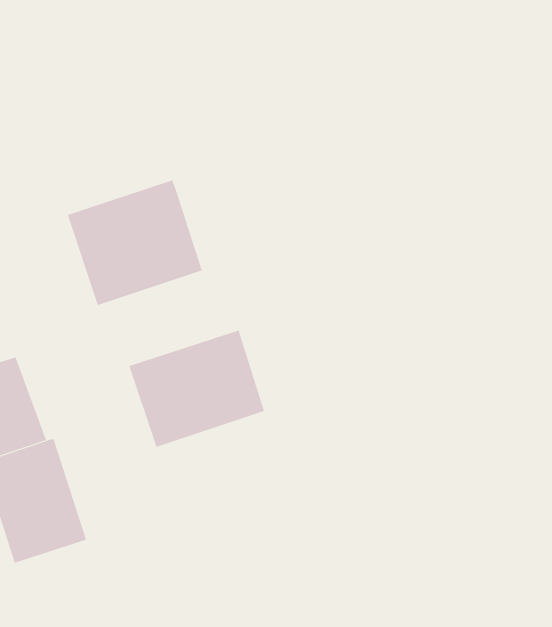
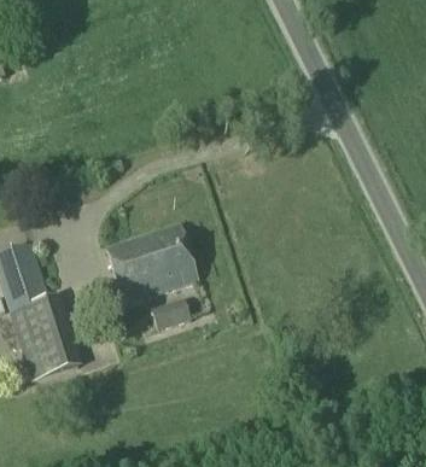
building: [67,179,203,306] -> none
building: none -> [151,297,191,328]

